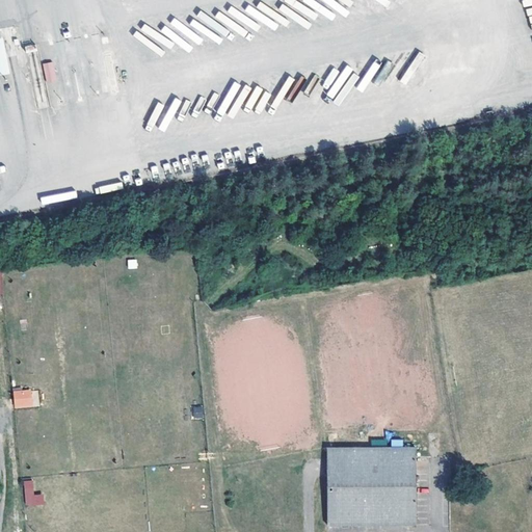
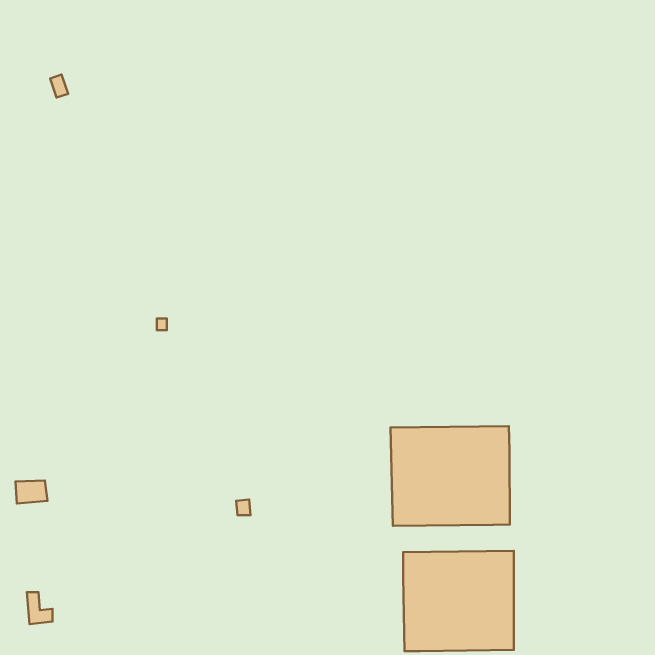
building: none -> [390,426,510,526]

